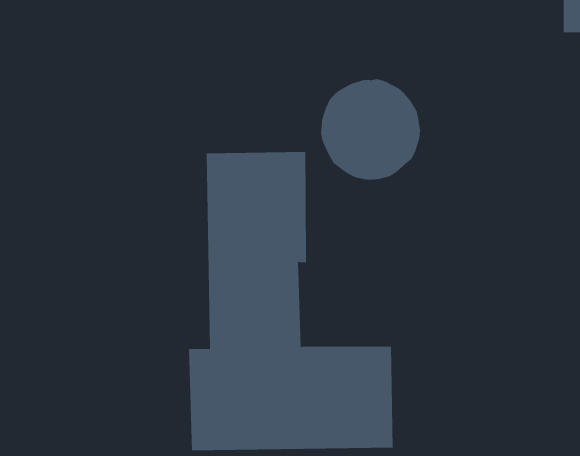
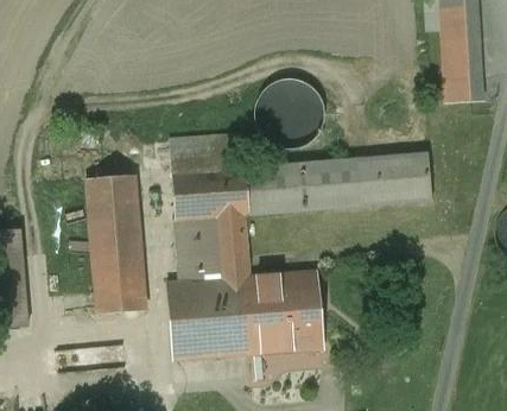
building: none -> [246,152,432,215]
building: none -> [88,176,145,312]

